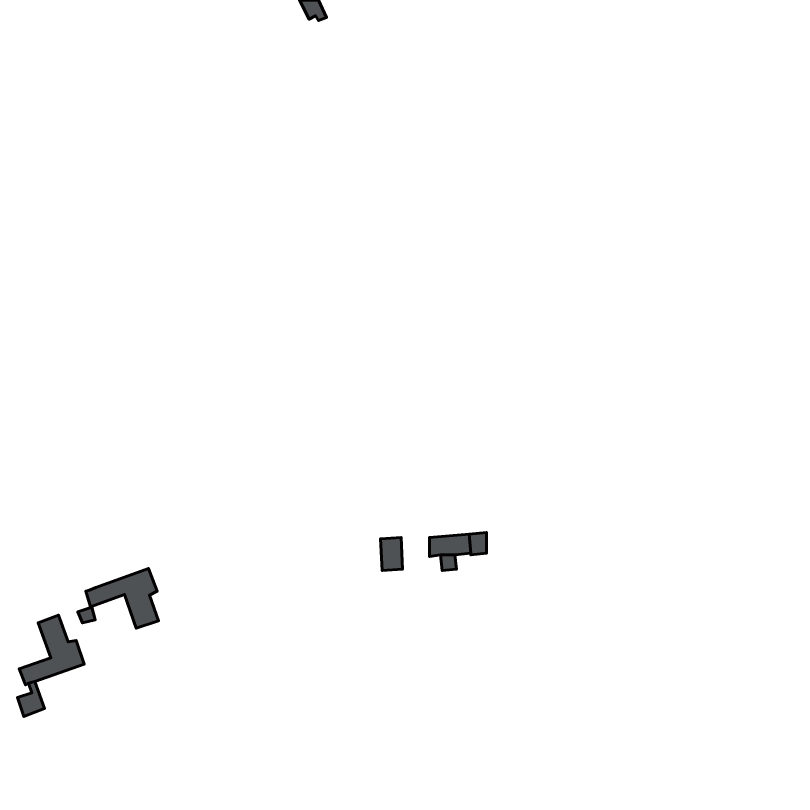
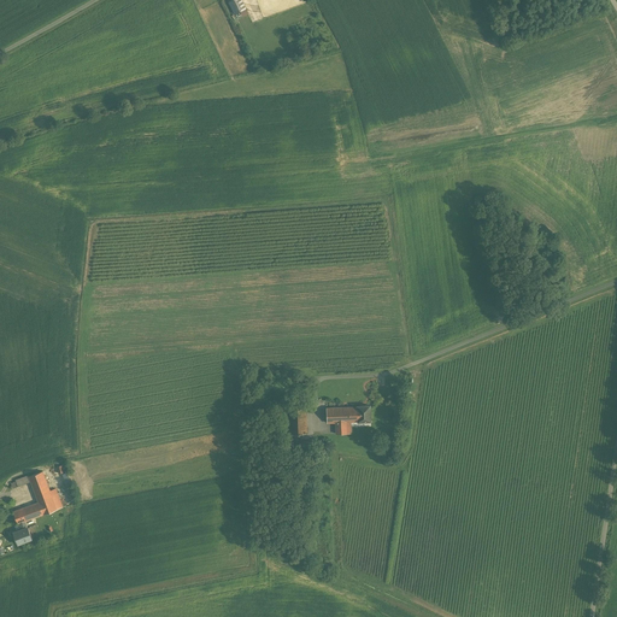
building: [86,569,159,628] -> none

